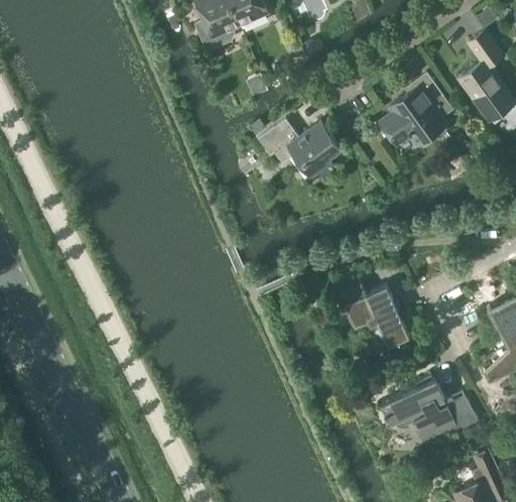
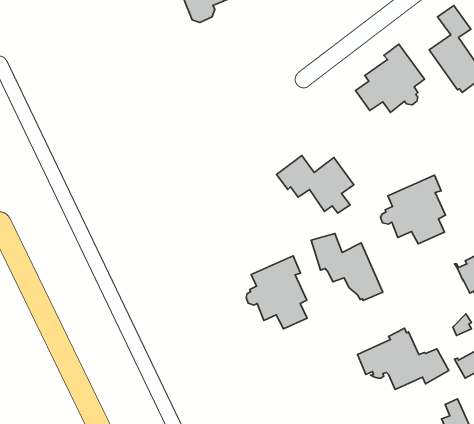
building: [259,119,342,180] -> [276,156,354,213]
building: none -> [381,175,446,244]
building: none -> [246,256,307,329]

